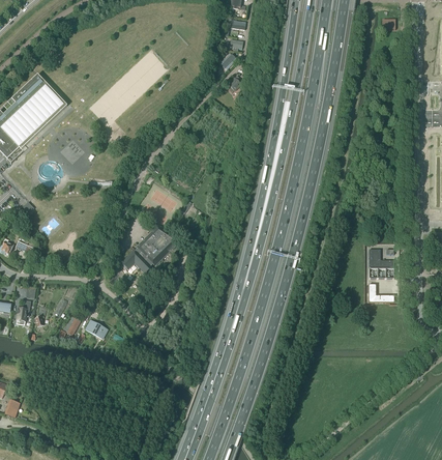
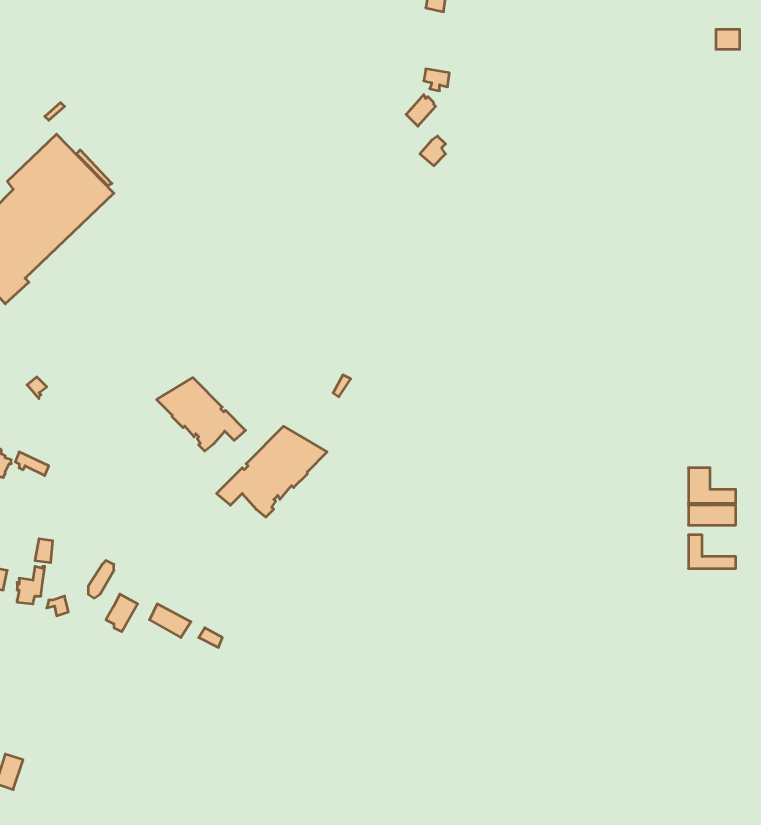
building: none -> [157,378,246,451]

